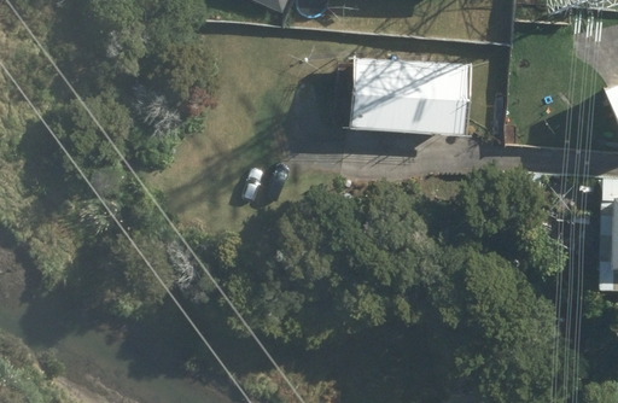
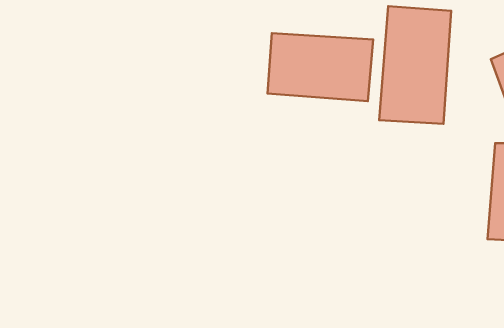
building: none -> [379,6,451,124]

